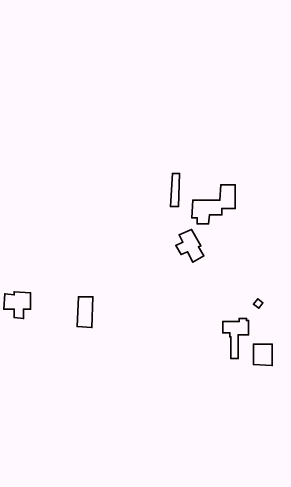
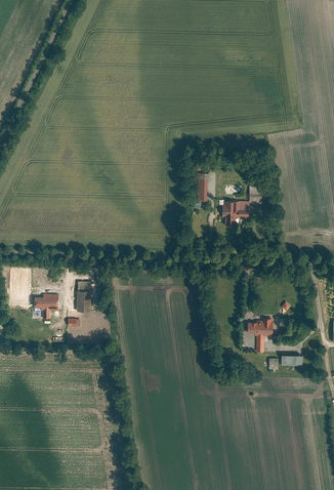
building: [176,229,204,262] -> none
building: [77,297,93,328] -> [77,280,92,311]

